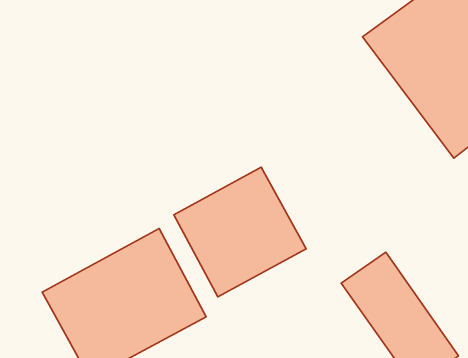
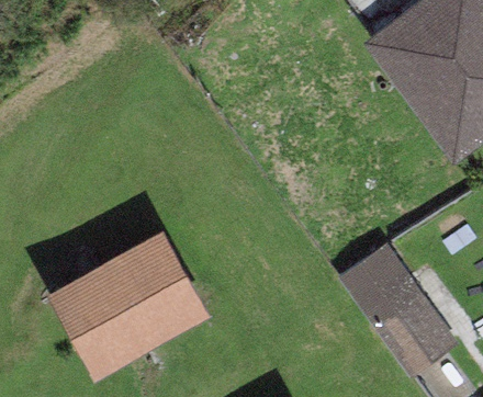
building: [174,167,306,297] -> none

